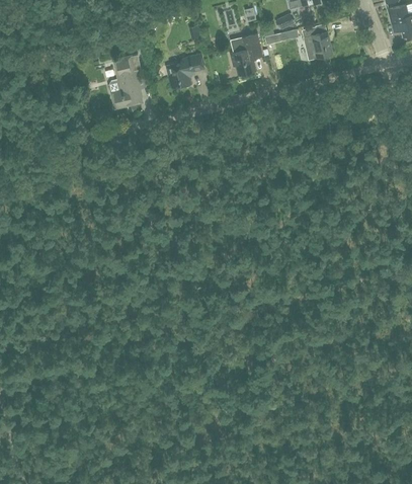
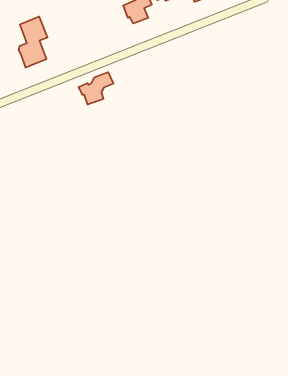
building: [165,55,203,87] -> [79,72,113,105]

